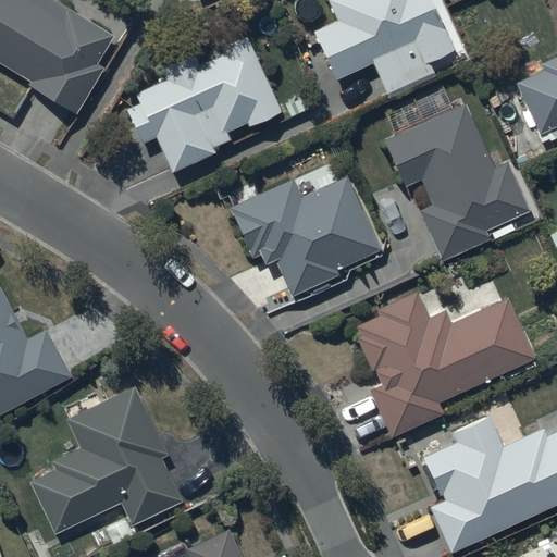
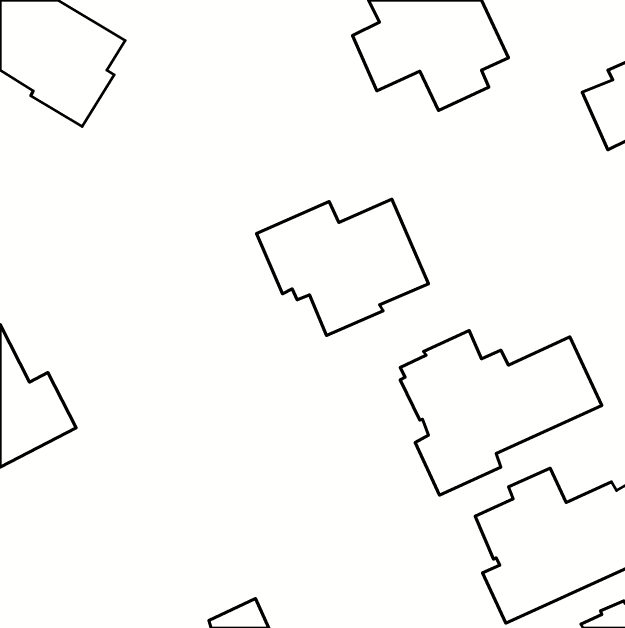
building: [127,37,281,173] -> none
building: [385,99,531,260] -> none
building: [30,387,182,533] -> none

